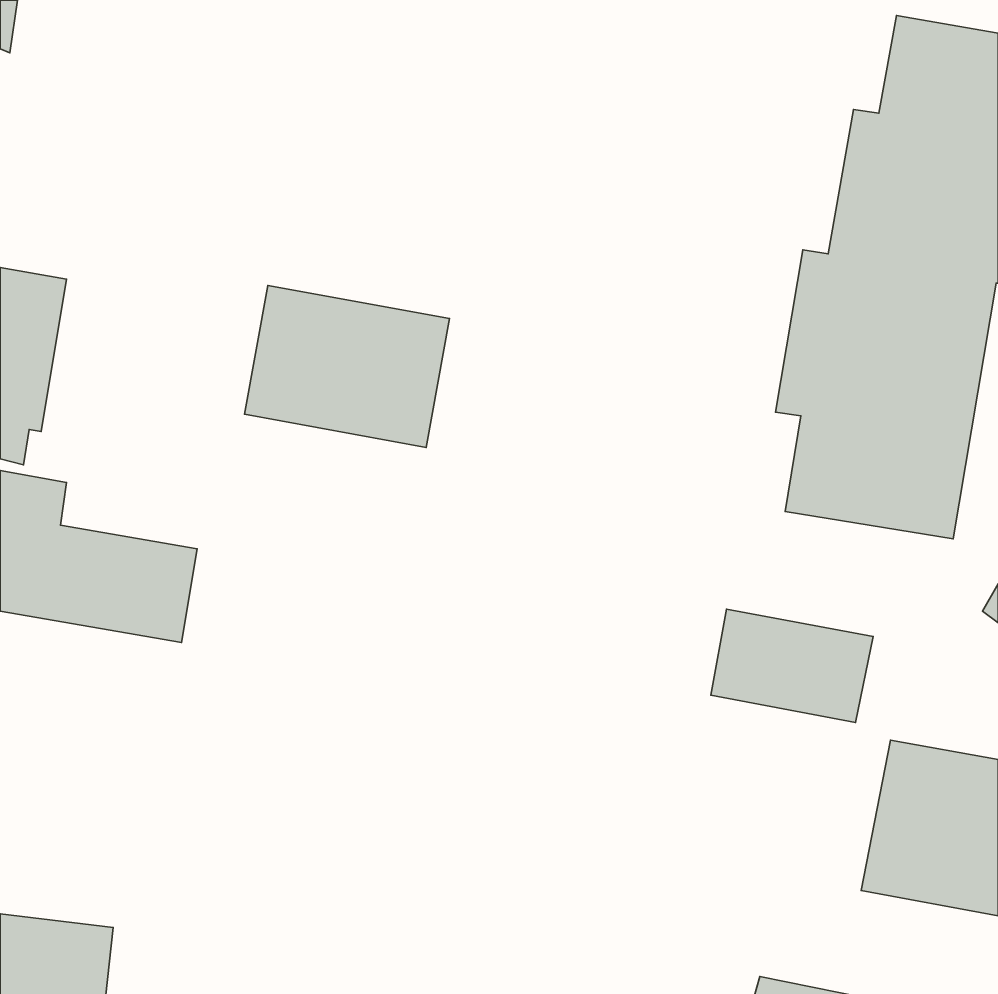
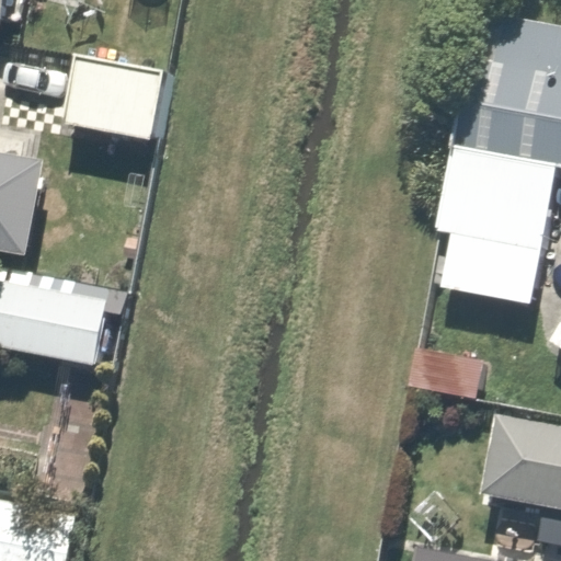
building: [245,285,450,448] -> [64,54,179,145]

